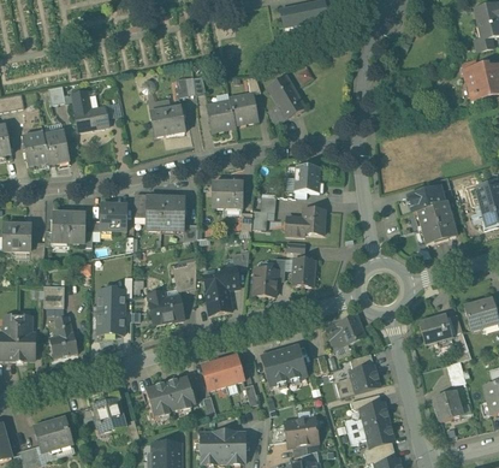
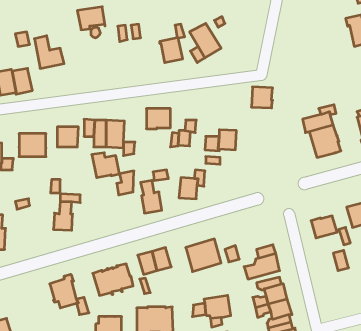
building: [207,99,234,129] -> none
building: [149,106,184,135] -> [77,7,105,30]
building: [293,164,320,190] -> [251,87,273,108]
building: [291,256,315,285] -> none
building: [148,290,183,321] -> [92,153,120,178]
building: [49,314,77,356] -> none
building: [325,314,364,351] -> none
building: [433,389,462,420] -> none
building: [34,416,71,450] -> none

